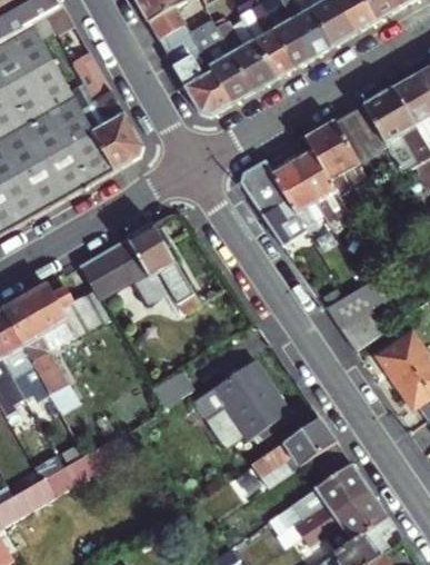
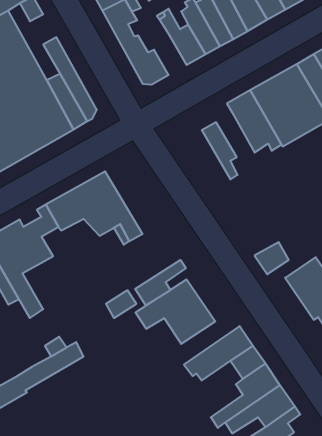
building: [196,33,253,102] -> none
building: [290,149,347,226] -> none
building: [240,160,308,247] -> none
building: [324,277,392,327] -> none
building: none -> [135,260,186,306]

